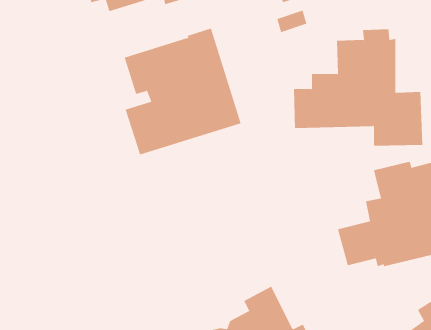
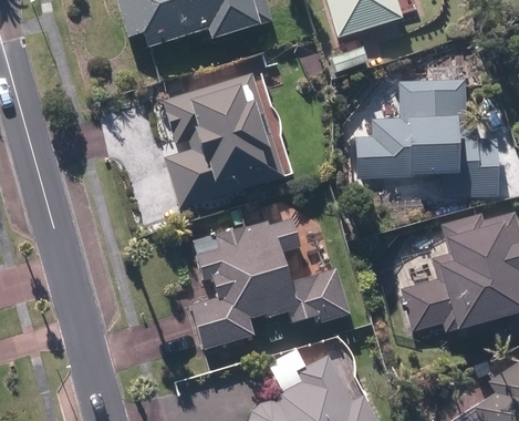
building: none -> [189,217,347,347]

